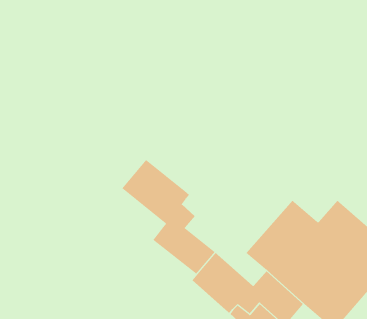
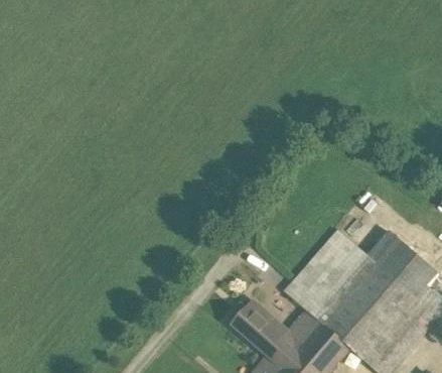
building: [121,159,215,275] -> none

